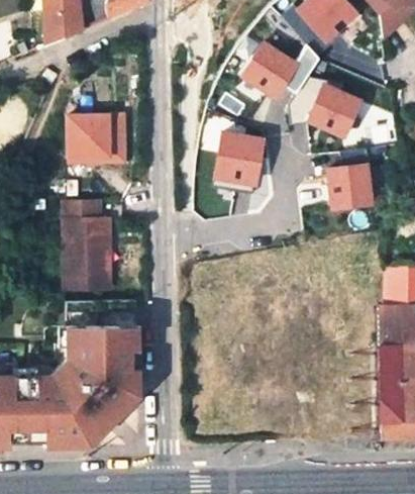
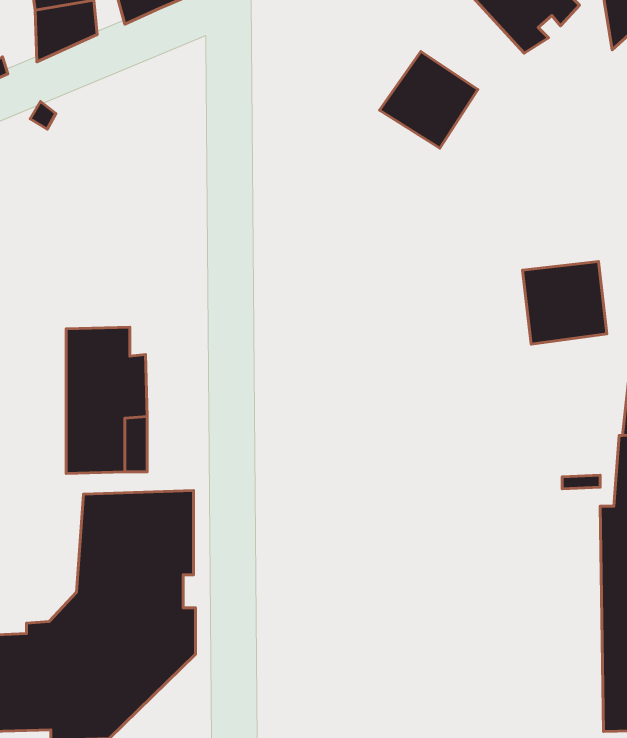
building: [310,84,368,138] -> none
building: [67,118,122,165] -> none
building: [219,132,268,185] -> none

